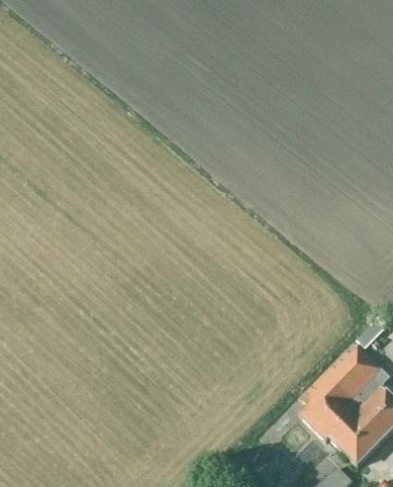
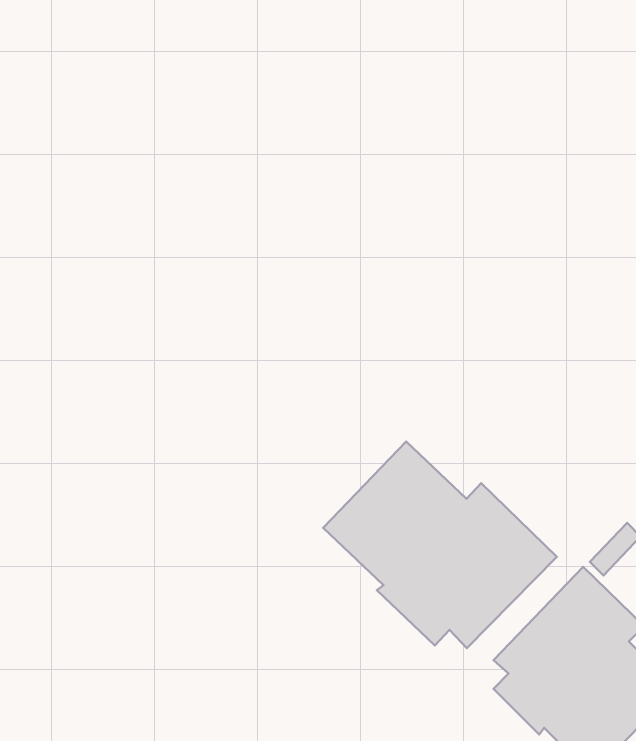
building: none -> [323,442,557,648]

